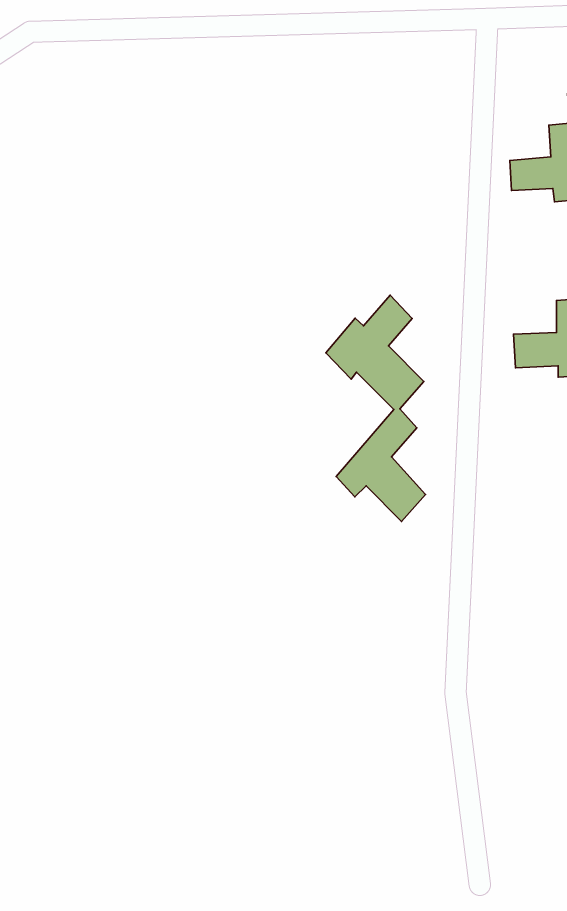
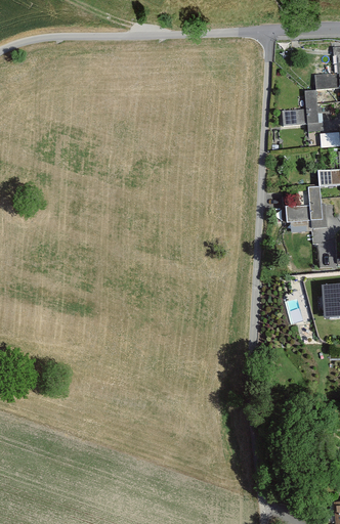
building: [326,295,425,522] -> none

